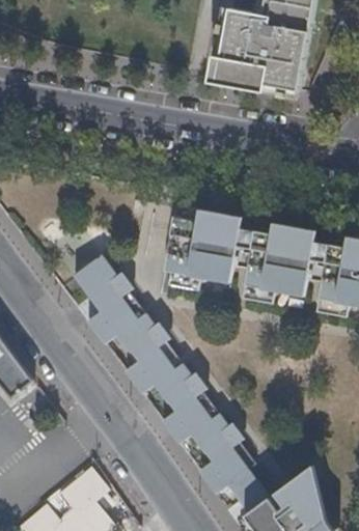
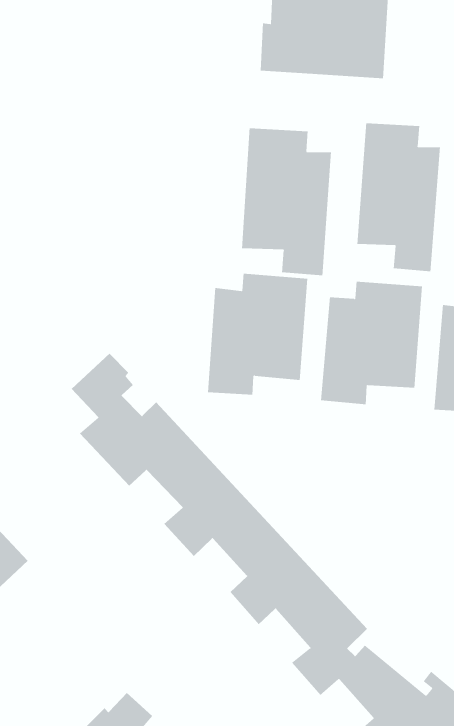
building: none -> [241,128,332,276]
building: none -> [357,122,441,272]

